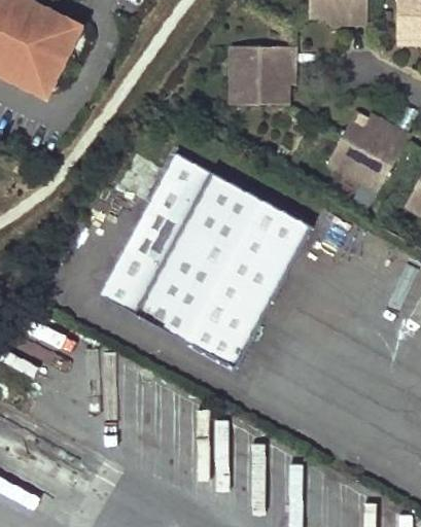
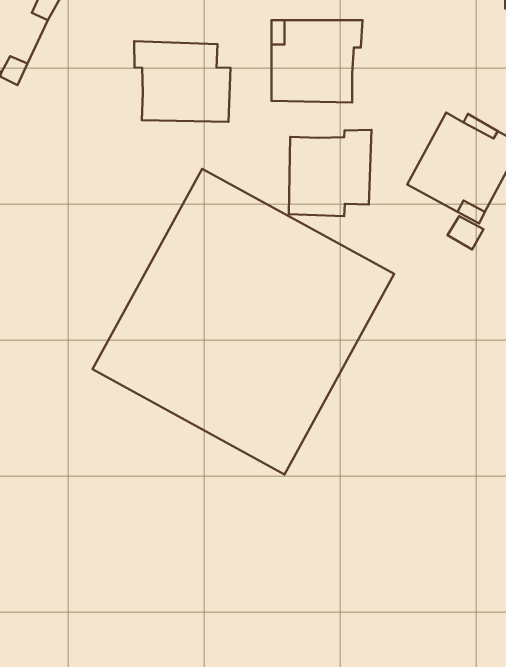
building: none -> [134,41,231,122]
building: none -> [289,130,372,216]

